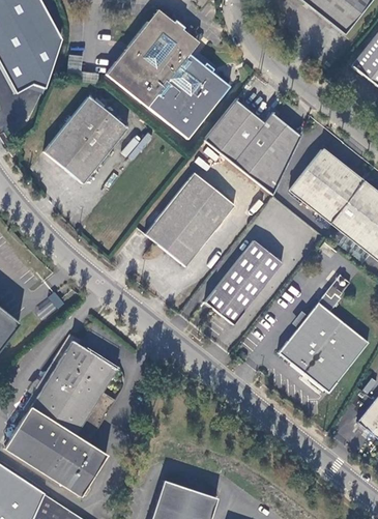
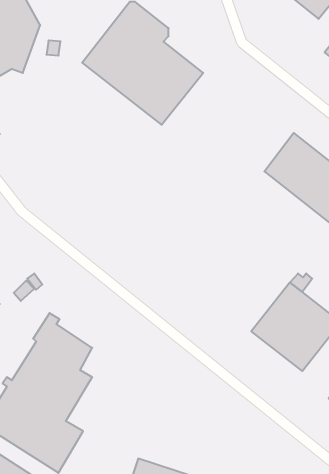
building: [42,97,125,183] -> none
building: [203,99,300,196] -> none
building: [145,173,233,265] -> none
building: [206,239,283,324] -> none

